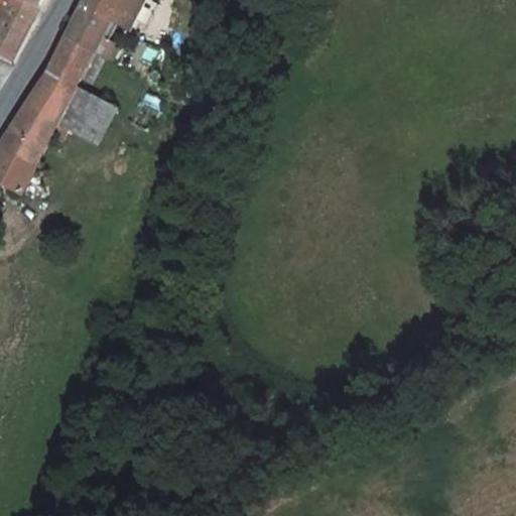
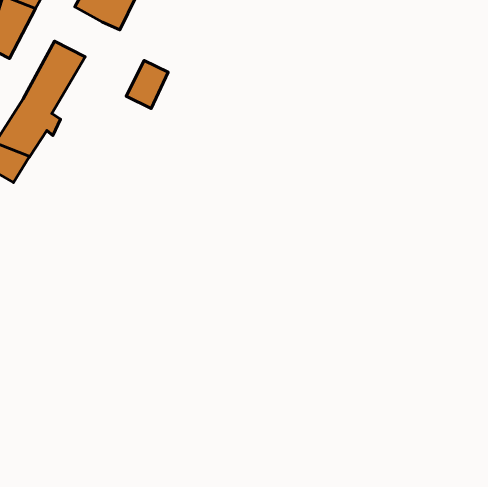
building: [57,7,108,59] -> none
building: [72,91,116,141] -> [126,61,168,109]

